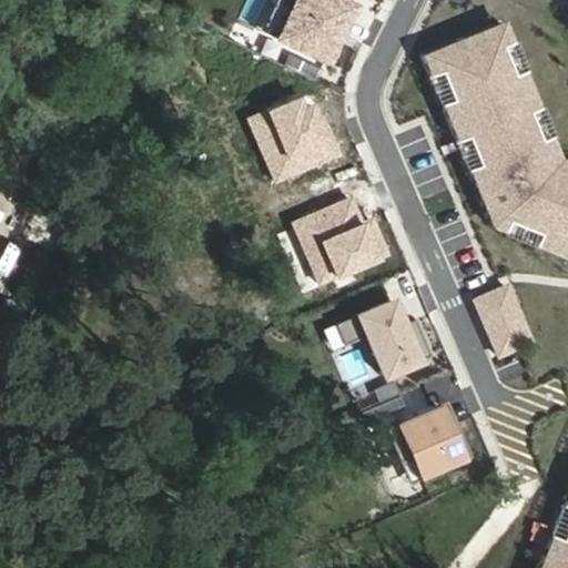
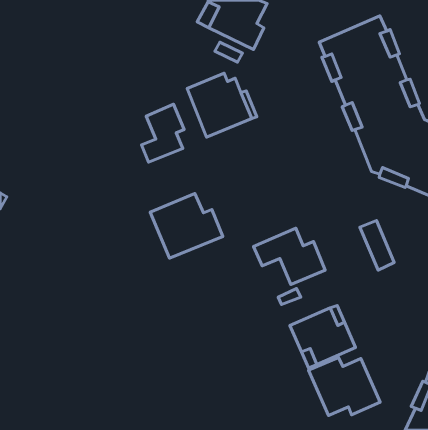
building: none -> [142,104,184,162]
building: [293,197,388,283] -> [150,194,223,258]
building: none -> [308,357,380,416]

